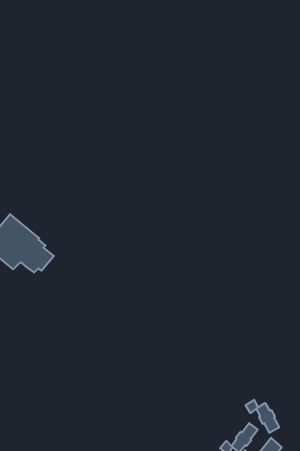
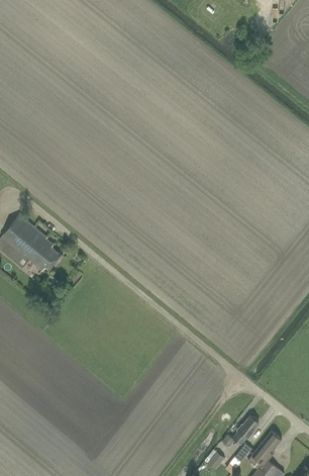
building: [246,400,279,433] -> none

